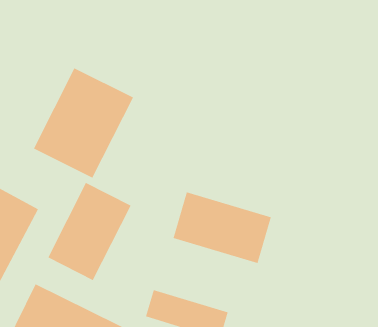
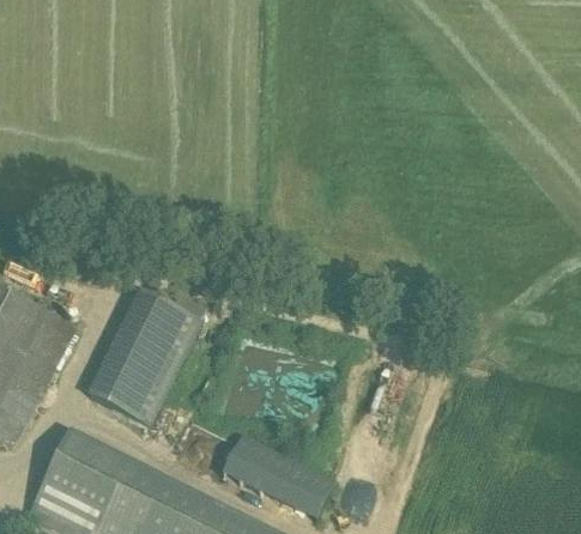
building: [33,67,134,179] -> none
building: [173,191,272,264] -> none

